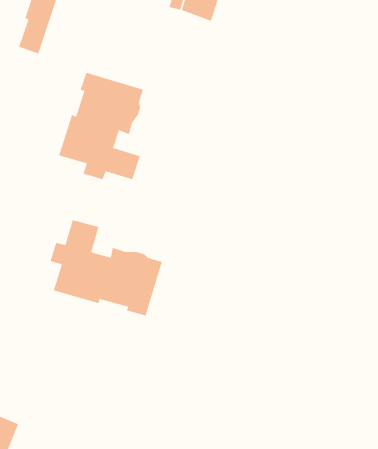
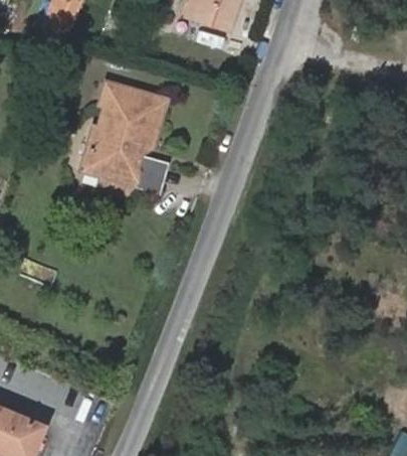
building: [50,219,163,316] -> none

